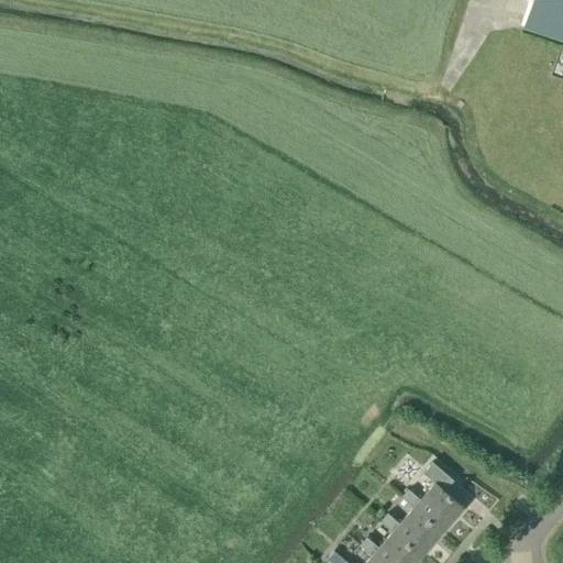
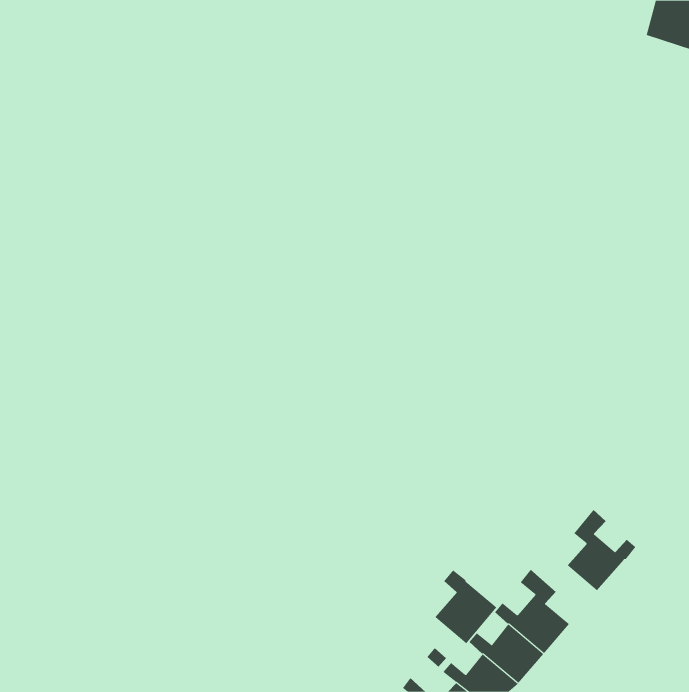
building: none -> [567,509,636,591]
building: none -> [435,569,497,644]

